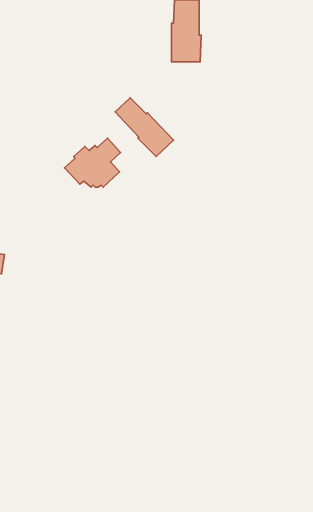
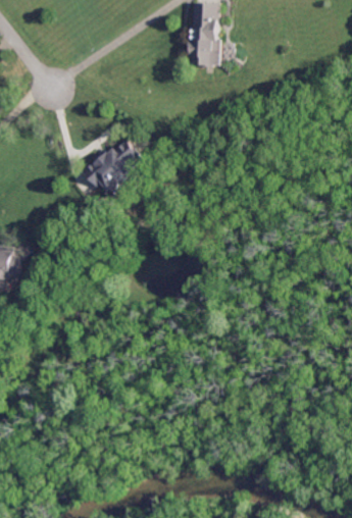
building: [115,98,173,156] -> none

